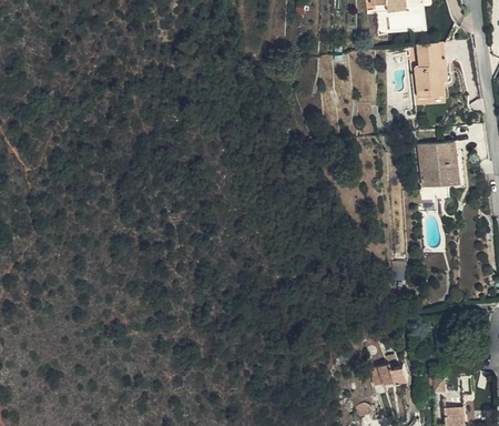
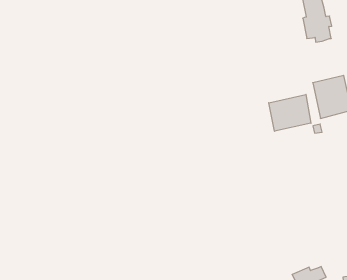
building: none -> [269,94,311,131]

